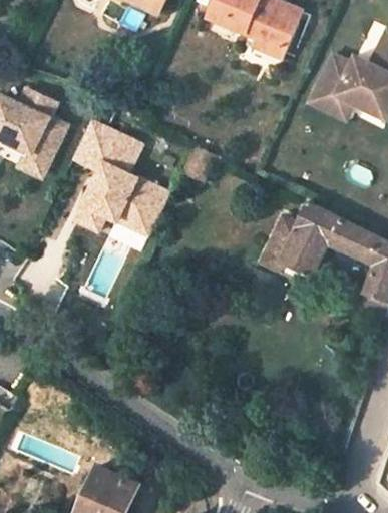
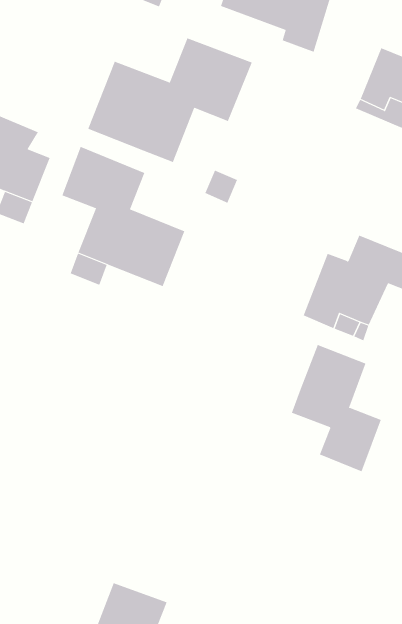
building: none -> [88,37,253,163]
building: none -> [291,344,381,472]

